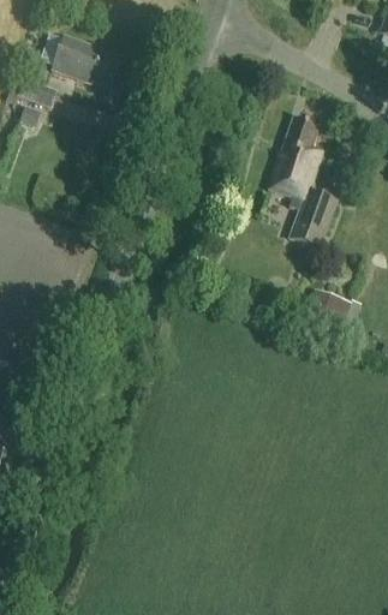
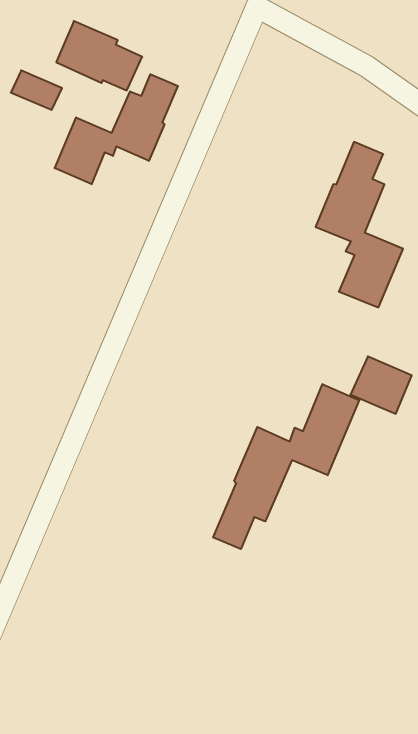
building: none -> [55,74,178,184]
building: none -> [213,384,359,549]

